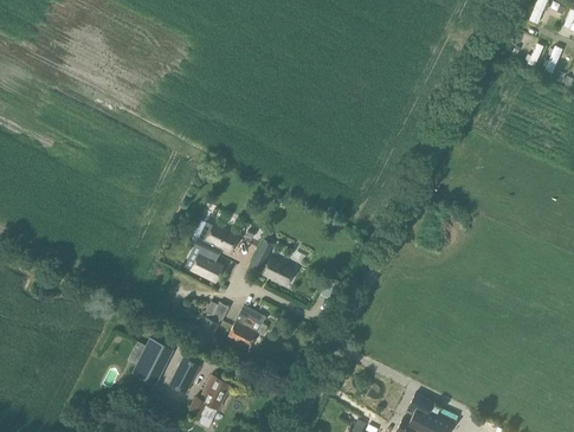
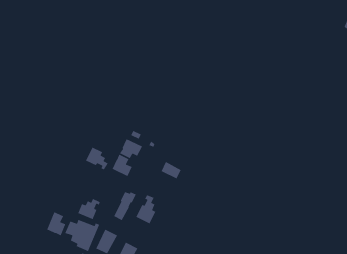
building: none -> [85,146,109,170]
building: none -> [77,198,101,220]
building: none -> [46,211,67,236]

